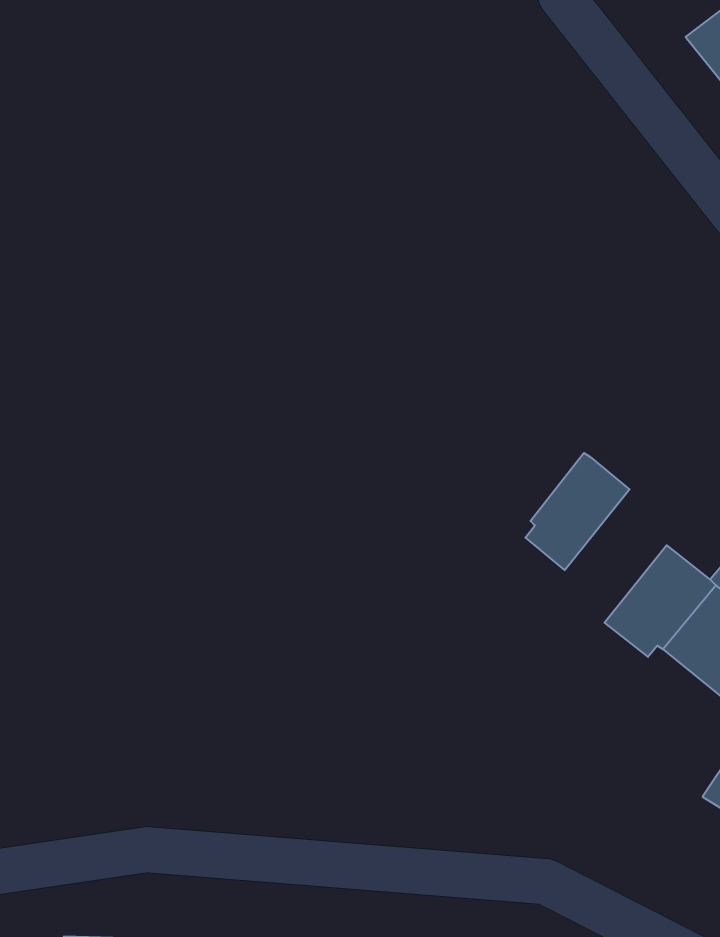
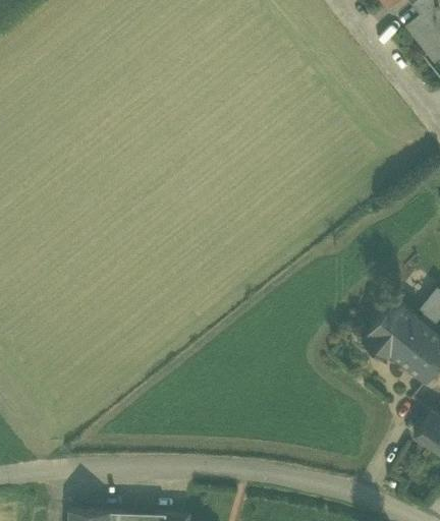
building: [525,453,630,570] -> none

